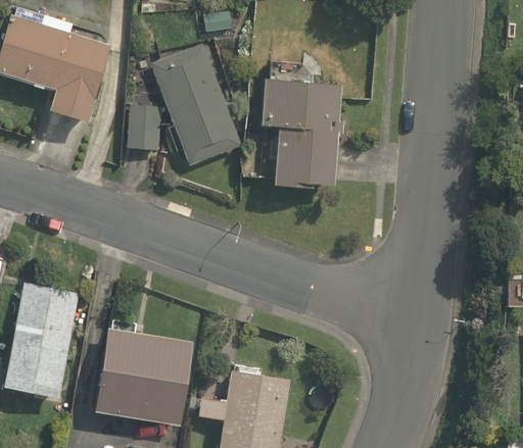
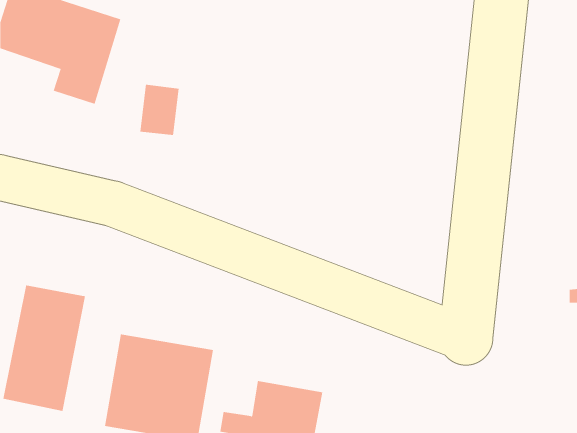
building: [151,43,242,164] -> none
building: [262,79,344,189] -> none

